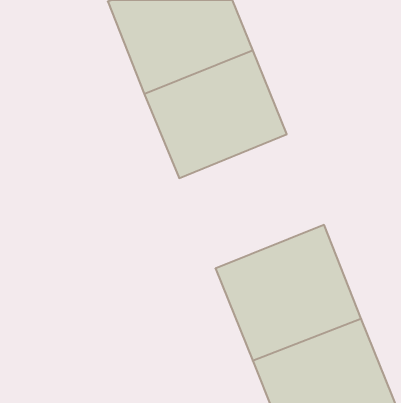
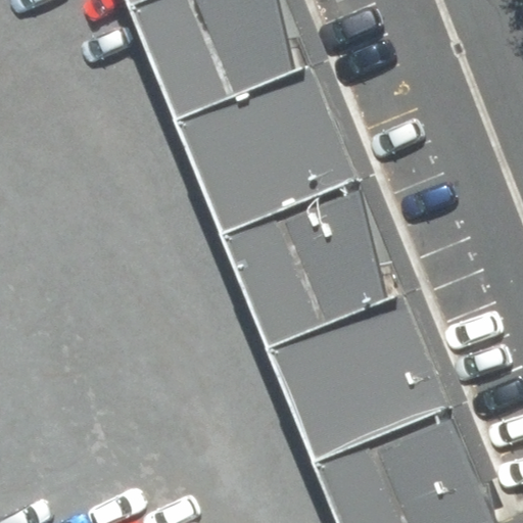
building: none -> [226,183,409,352]

